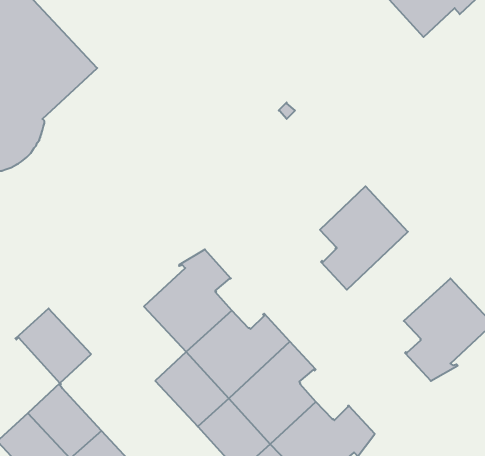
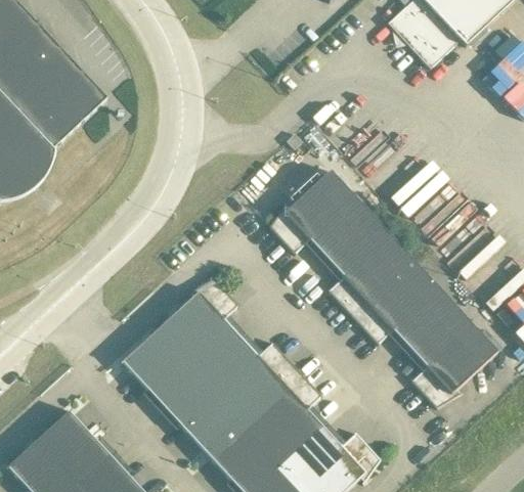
building: none -> [269,170,372,258]
building: none -> [353,260,455,348]
building: [15,308,91,383] -> [120,333,194,407]

